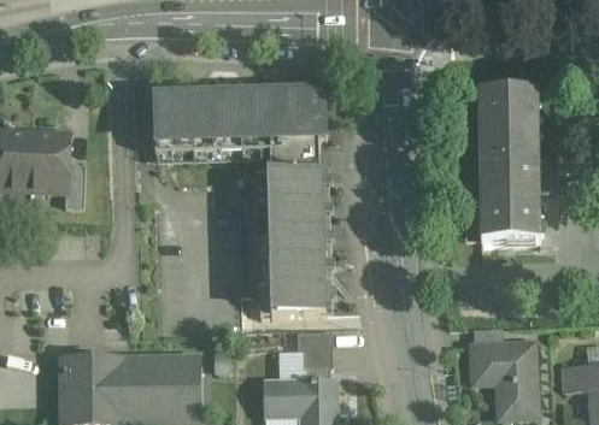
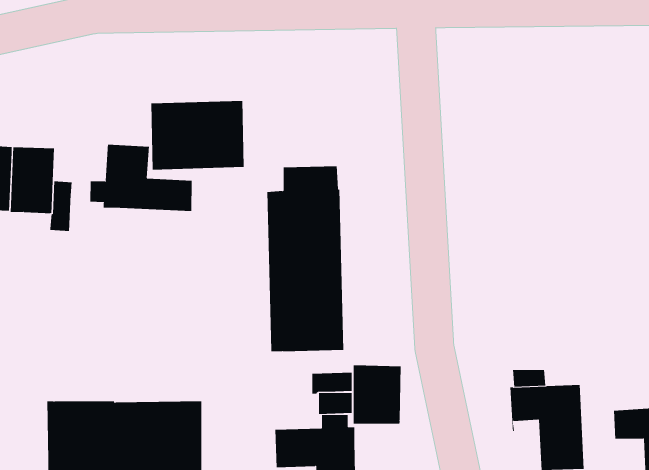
building: [235,88,327,149] -> none
building: [478,89,547,240] -> none
building: none -> [90,144,192,212]
building: none -> [353,365,401,424]

